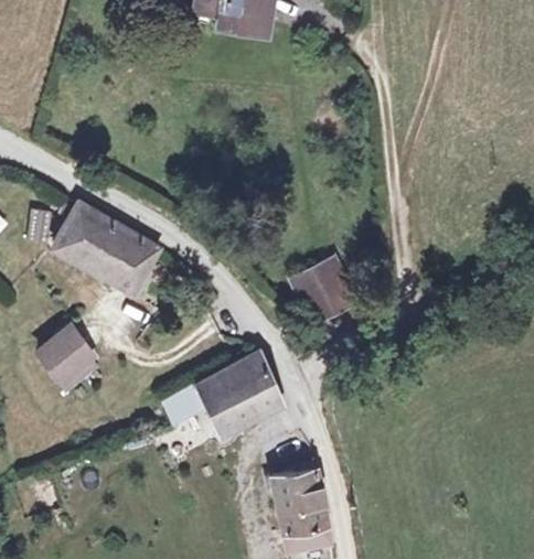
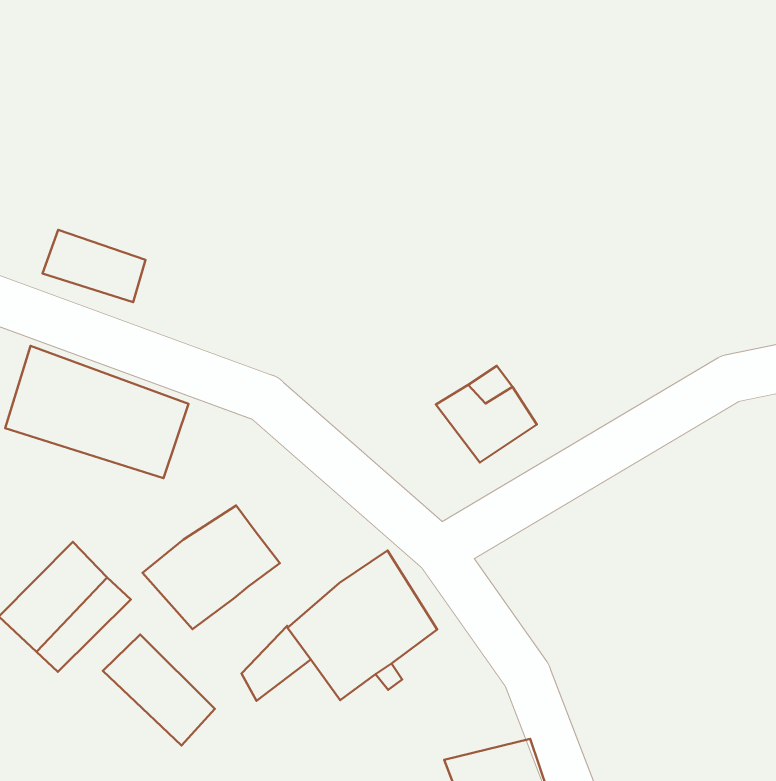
building: none -> [42,230,146,302]
building: none -> [143,506,280,629]
building: none -> [103,635,215,746]

